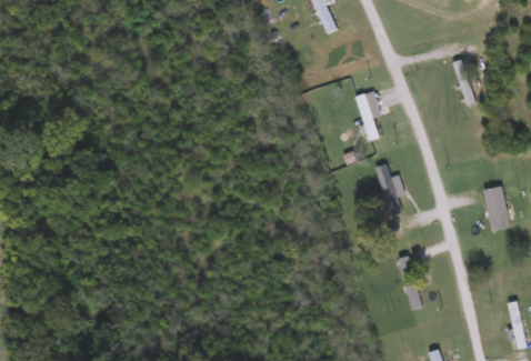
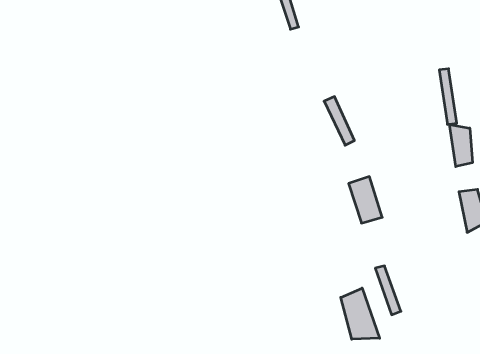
building: none -> [449,124,472,167]
building: none -> [341,288,380,339]

